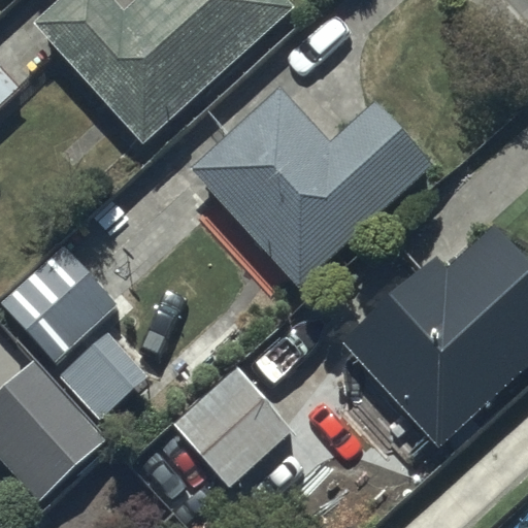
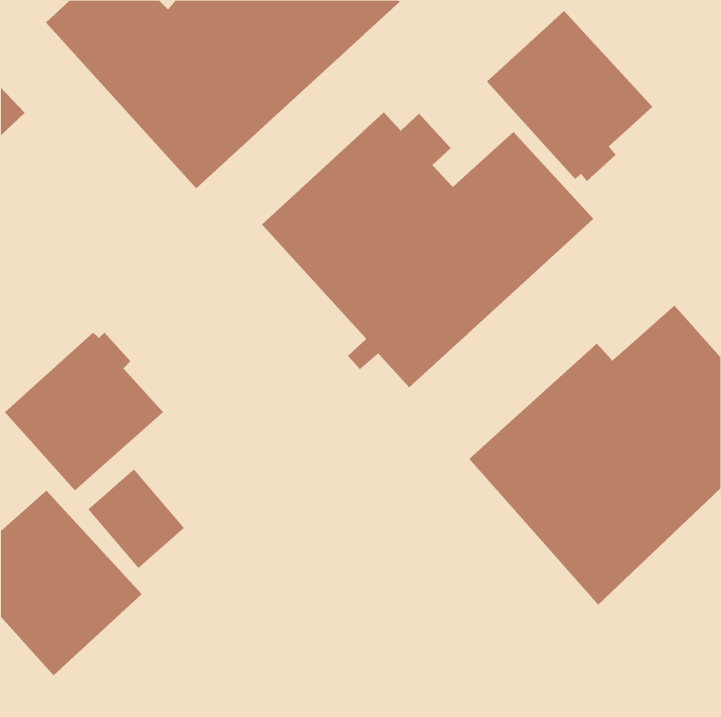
building: none -> [486,10,653,182]
building: [182,374,292,485] -> none

